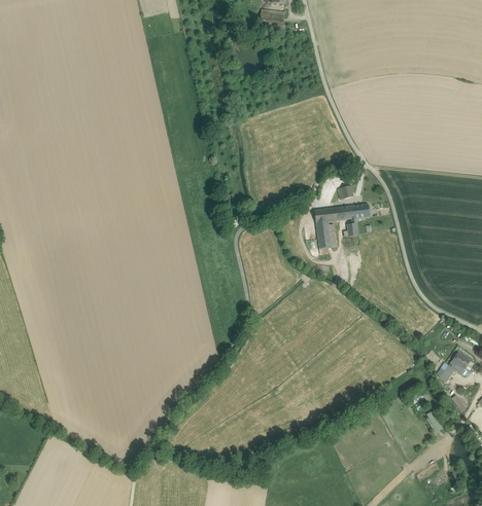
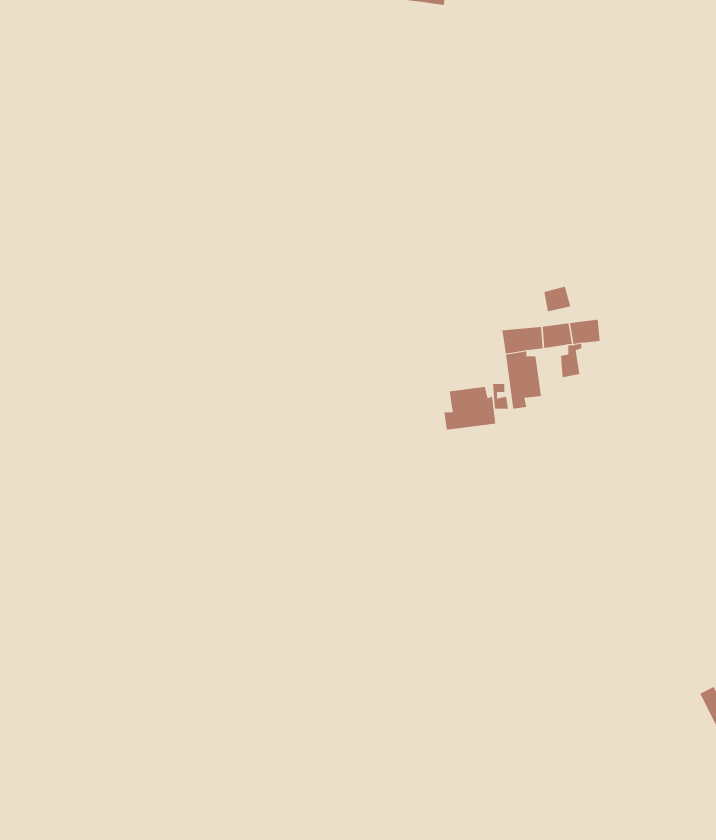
building: none -> [444,386,496,431]

